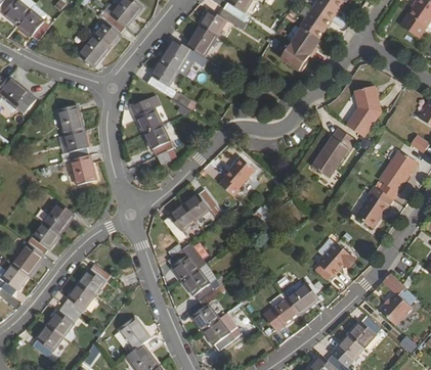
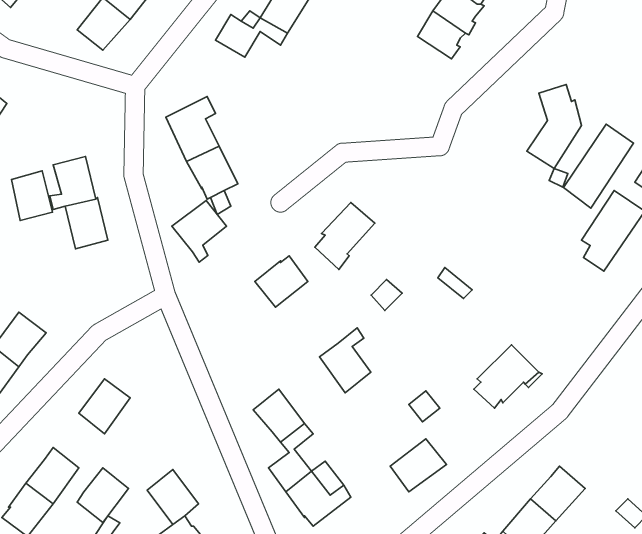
building: [147,60,177,96] -> none
building: [57,105,82,135] -> [11,171,53,221]
building: [311,129,353,179] -> [563,124,634,208]
building: [355,186,392,228] -> none
building: [42,202,75,235] -> none
building: [163,204,196,241] -> [172,201,227,262]
building: [167,242,198,281] -> [320,328,371,393]
building: [379,274,411,325] -> none
building: [286,282,318,314] -> none
building: [62,283,93,316] -> [77,468,128,523]

